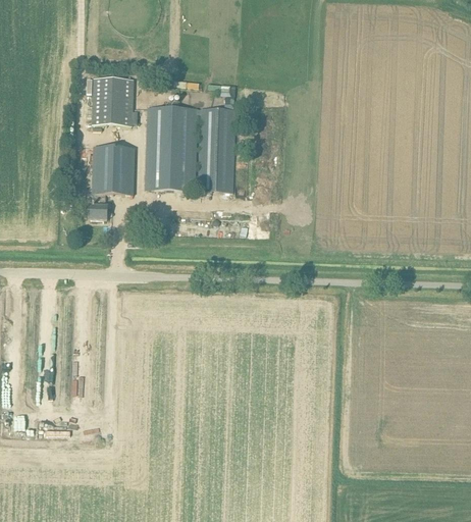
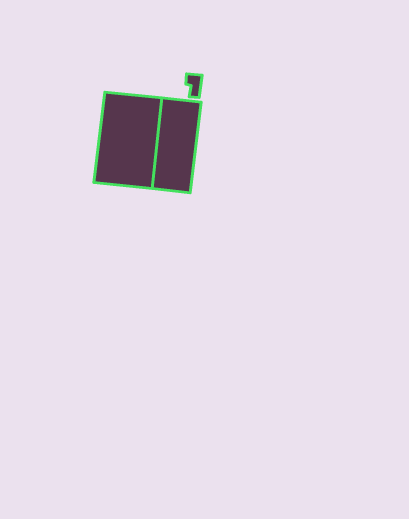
building: [91,77,134,125] -> none
building: [89,145,135,219] -> none

